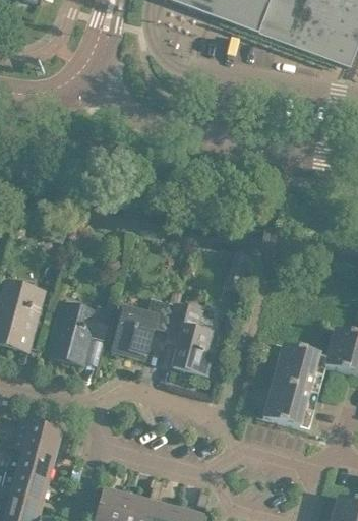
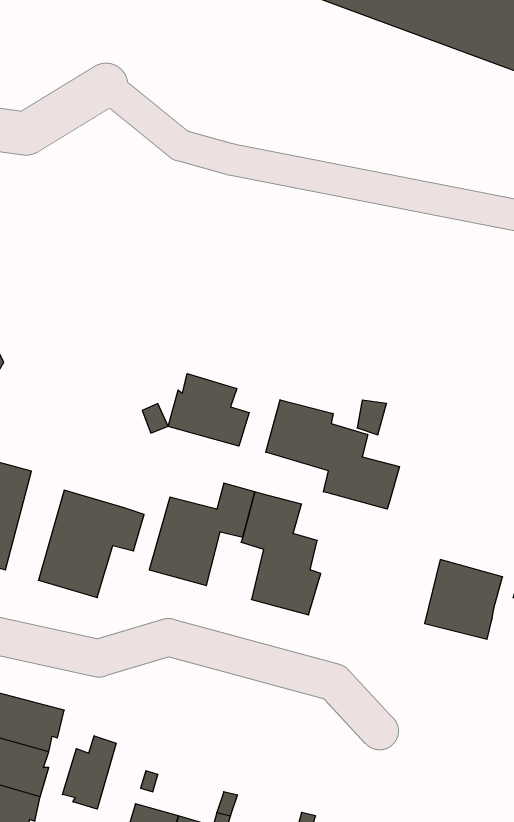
building: none -> [168,374,249,446]
building: none -> [266,400,400,509]
building: [263,382,312,428] -> none
building: none -> [62,736,116,809]

